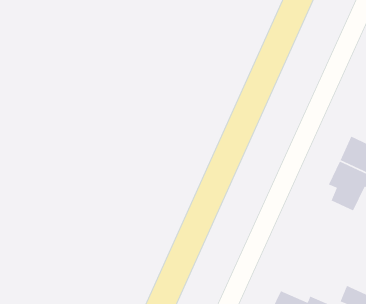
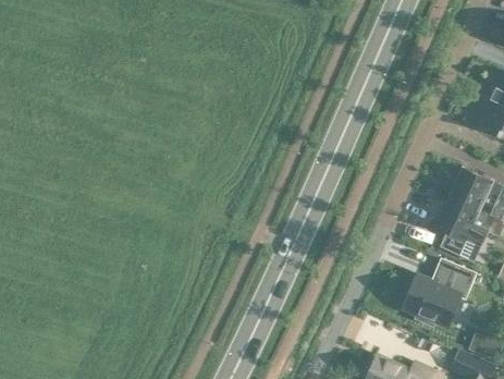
building: none -> [403,257,475,323]

